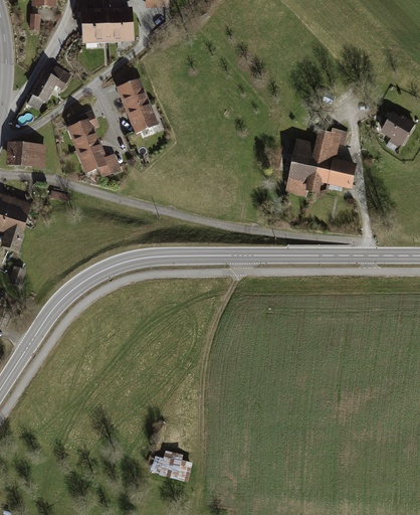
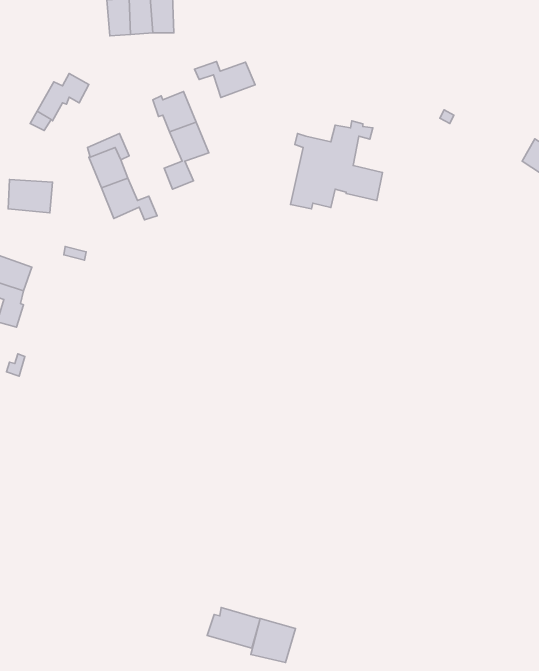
building: none -> [194,61,255,97]
building: [287,129,354,192] -> [291,121,382,209]
building: none -> [251,619,295,663]

